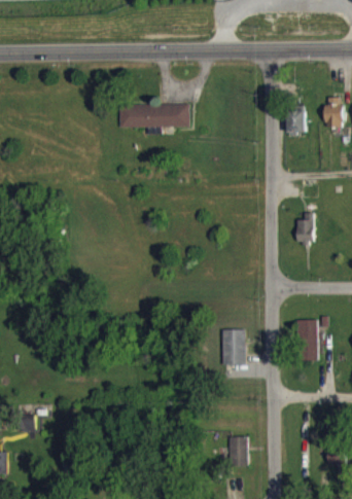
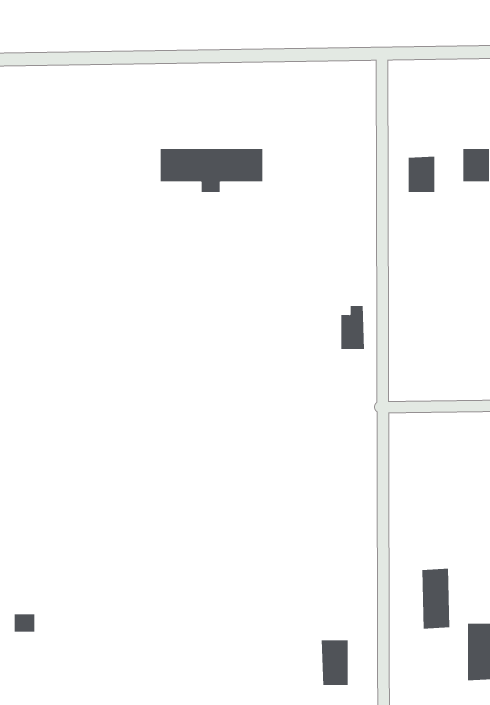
building: [296,213,313,243] -> [341,305,365,350]
building: [297,319,317,360] -> [421,568,450,629]
building: [221,329,245,364] -> none

